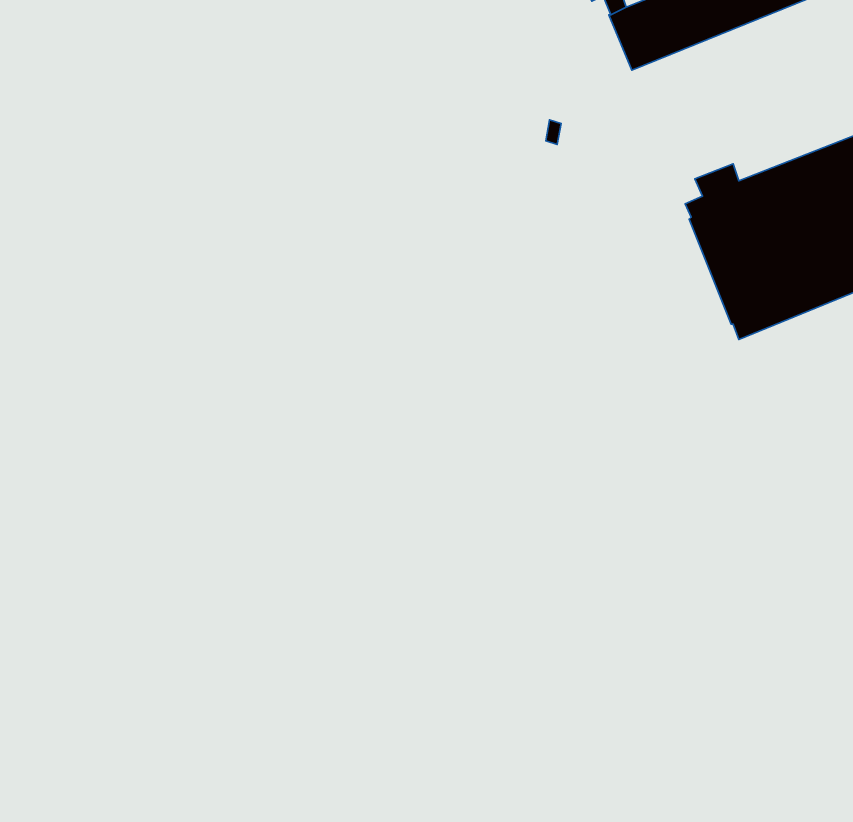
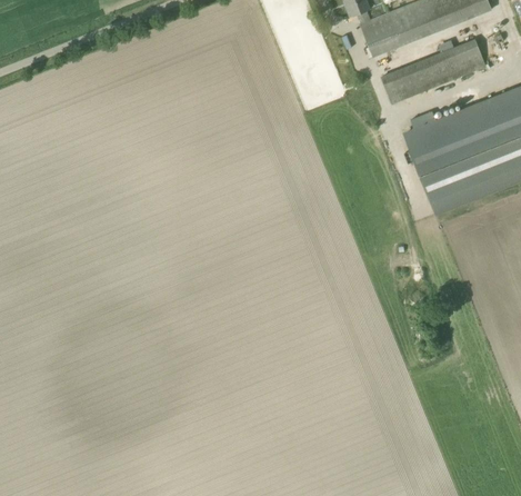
building: none -> [381,40,485,103]

